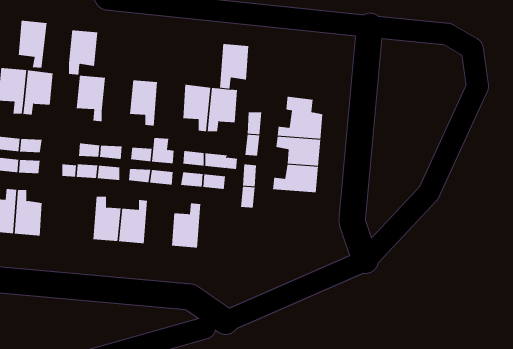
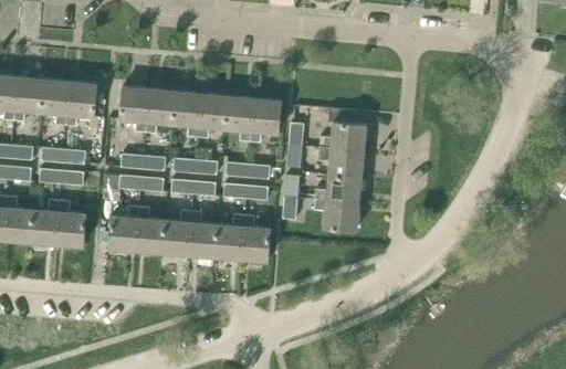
building: [18,20,47,69] -> none
building: [68,30,98,75] -> [145,88,175,134]
building: [219,44,249,89] -> [197,93,227,138]
building: none -> [313,200,358,230]
building: none -> [107,205,138,250]
building: none -> [187,211,216,256]
building: none -> [240,214,269,261]

